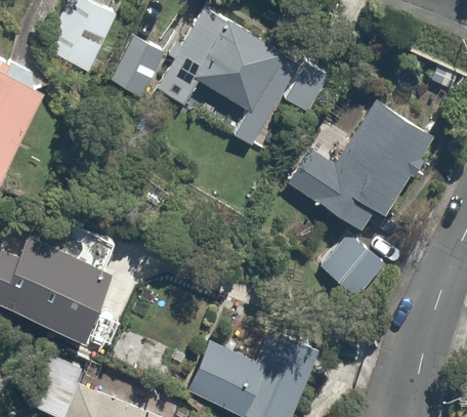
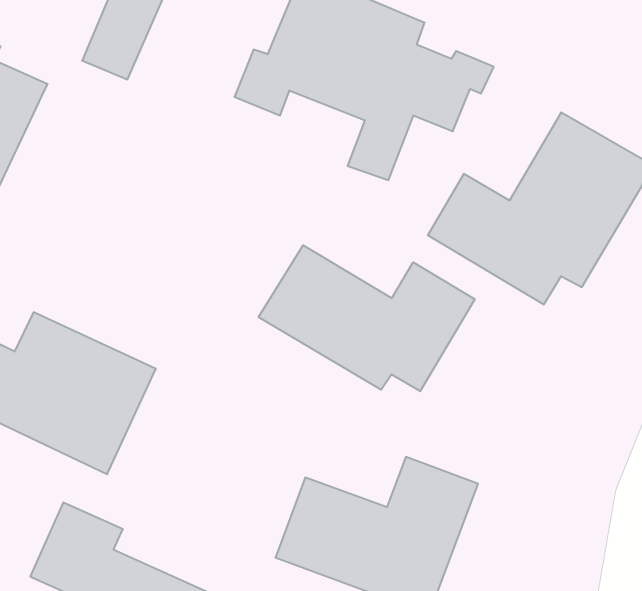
building: [115,38,167,103] -> none
building: none -> [259,245,475,391]
building: [320,235,380,296] -> none

